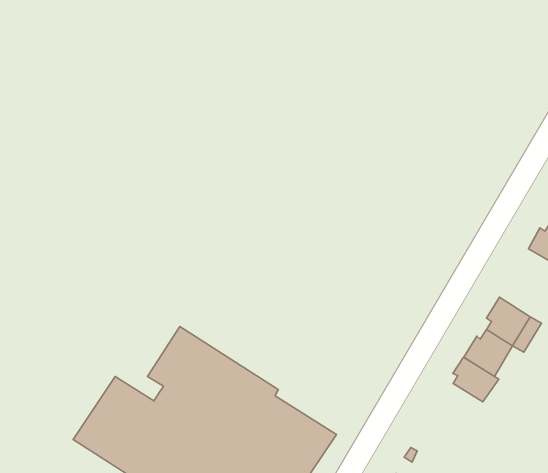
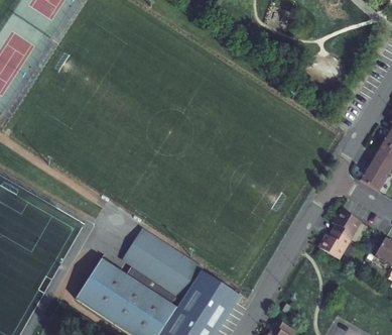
building: [453,357,499,402] -> none

